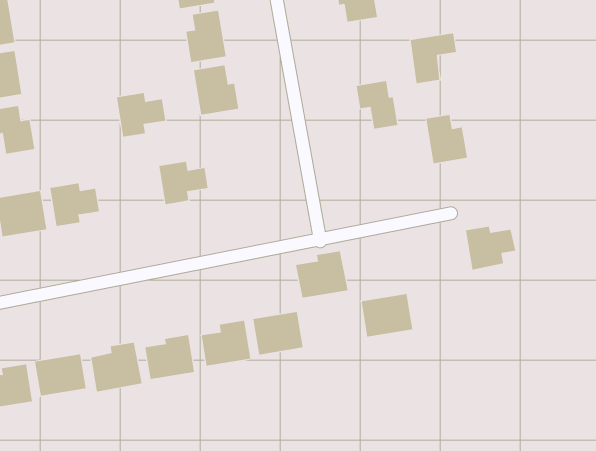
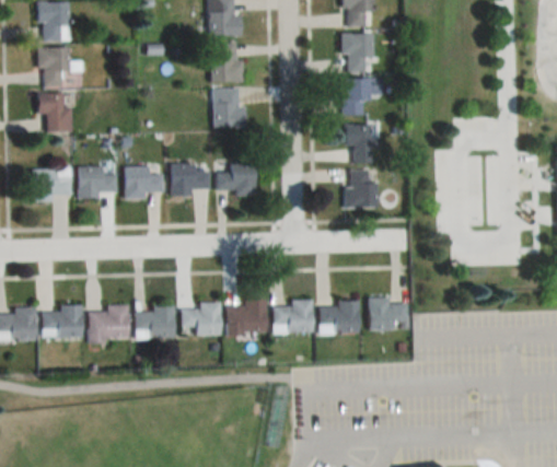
building: [410,33,457,84] -> [344,78,382,115]
building: [116,92,166,137] -> [126,166,164,200]
building: [426,114,468,164] -> [349,170,379,208]
building: none -> [218,163,256,196]
building: [465,226,516,270] -> [370,297,409,331]
building: [295,251,348,298] -> [274,300,314,334]

